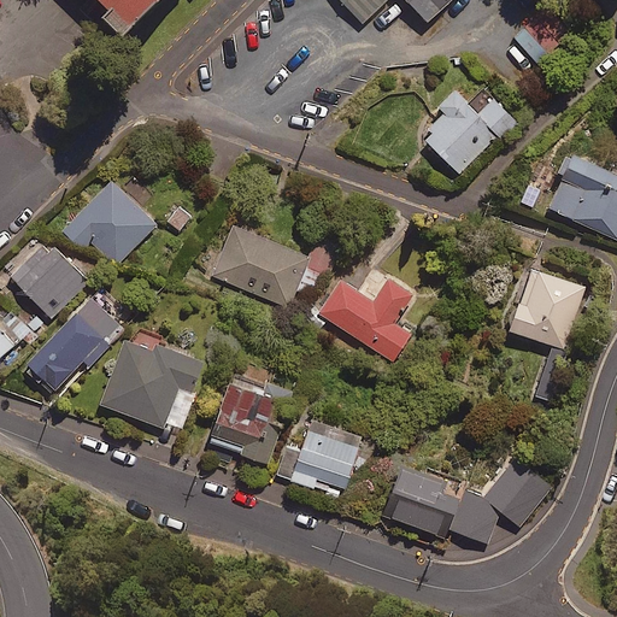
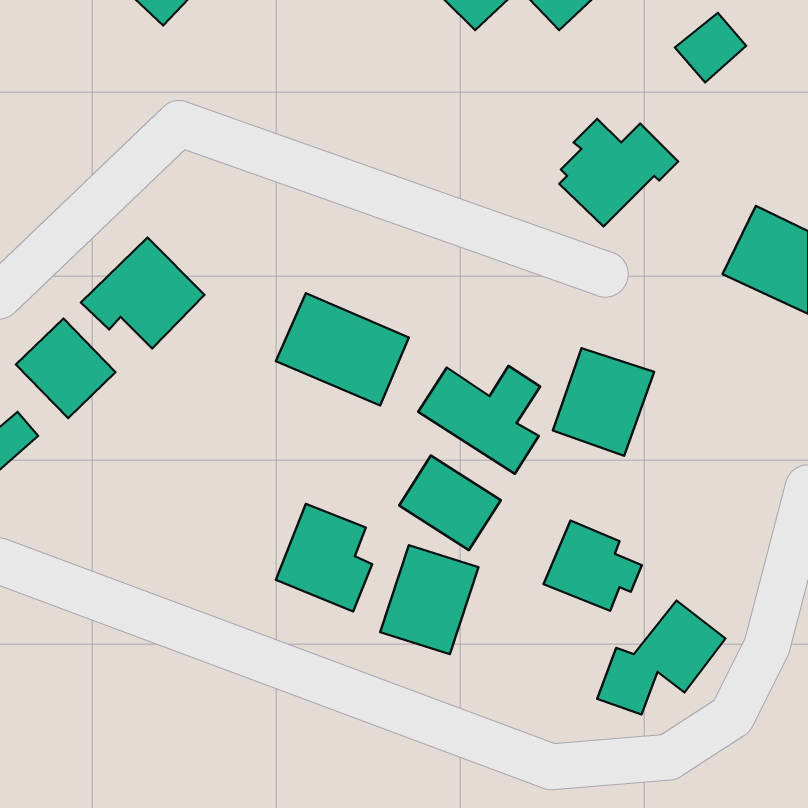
building: [509,268,586,349] -> [553,348,654,456]
building: [24,299,121,394] -> none
building: [101,342,204,433] -> none
building: none -> [399,455,501,550]
building: [386,466,460,535] -> [544,521,642,611]

